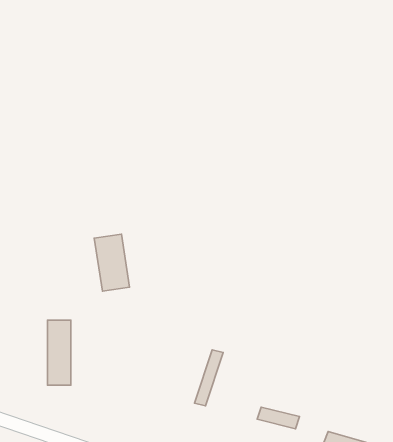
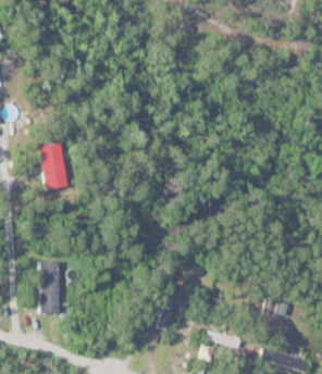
building: [94,234,130,291] -> [40,144,69,189]

